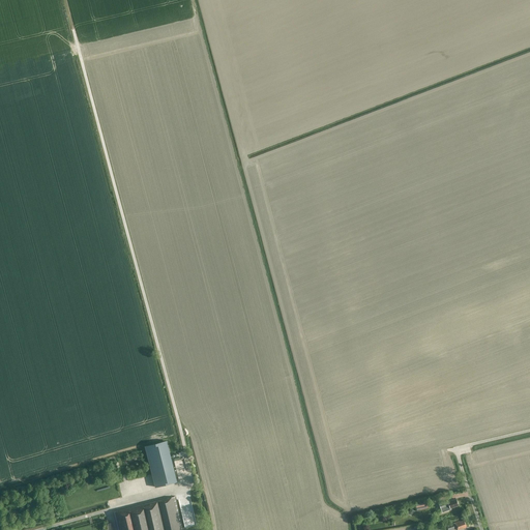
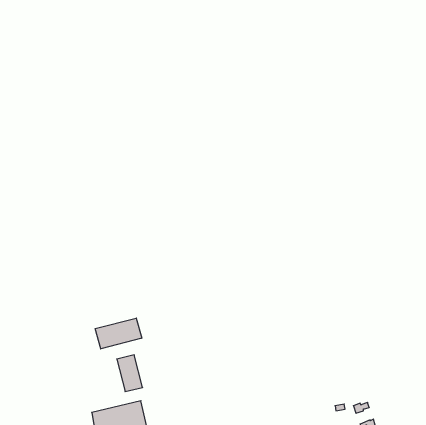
building: none -> [95,318,142,349]

